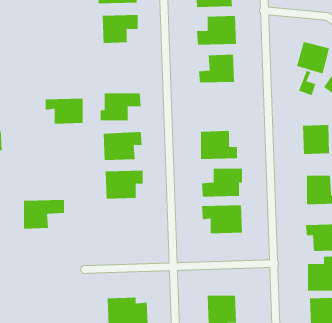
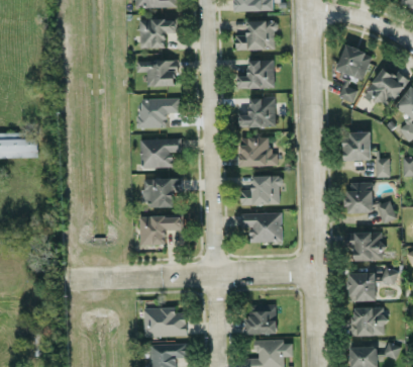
building: none -> [239,98,276,128]
building: [45,98,83,124] -> [137,61,177,87]
building: [23,199,65,229] -> [140,215,183,246]

